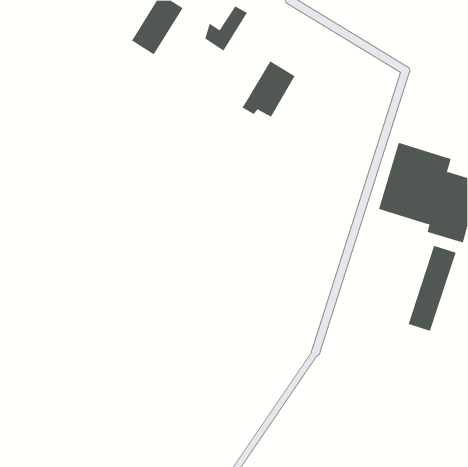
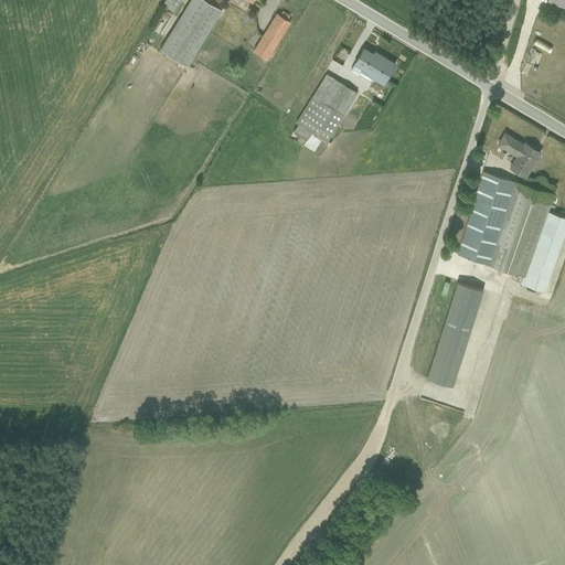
building: none -> [352,45,397,87]
building: none -> [498,131,541,178]
building: [408,245,456,332] -> [427,284,486,387]

